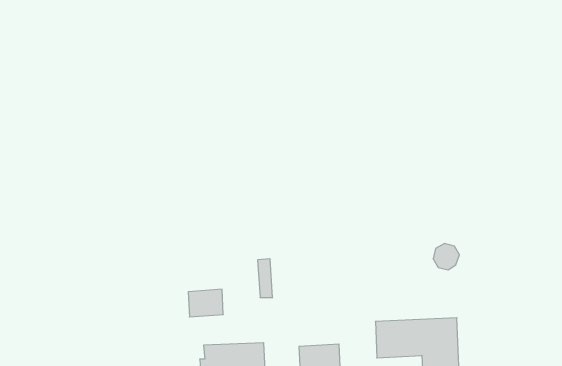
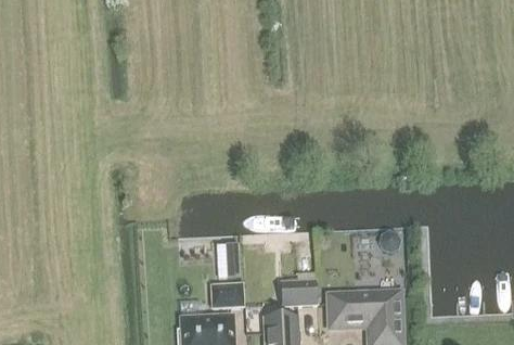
building: [188,289,223,317] -> [211,282,242,306]
building: none -> [281,280,317,306]

